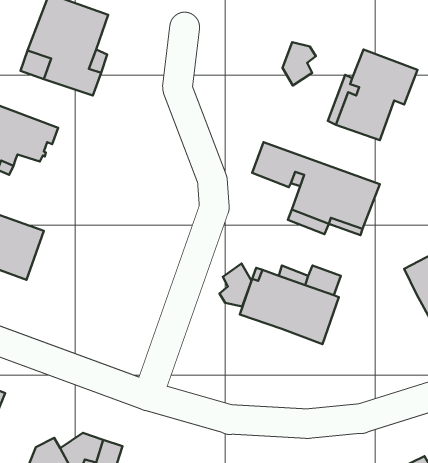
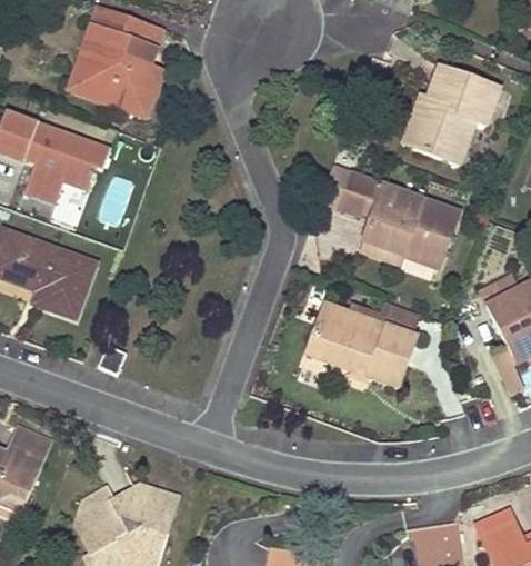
building: [282,42,316,86] -> none
building: [220,263,251,307] -> none

